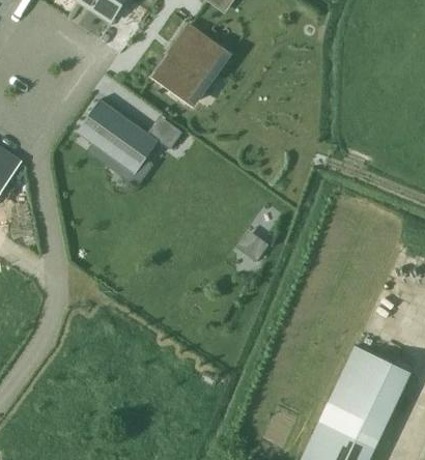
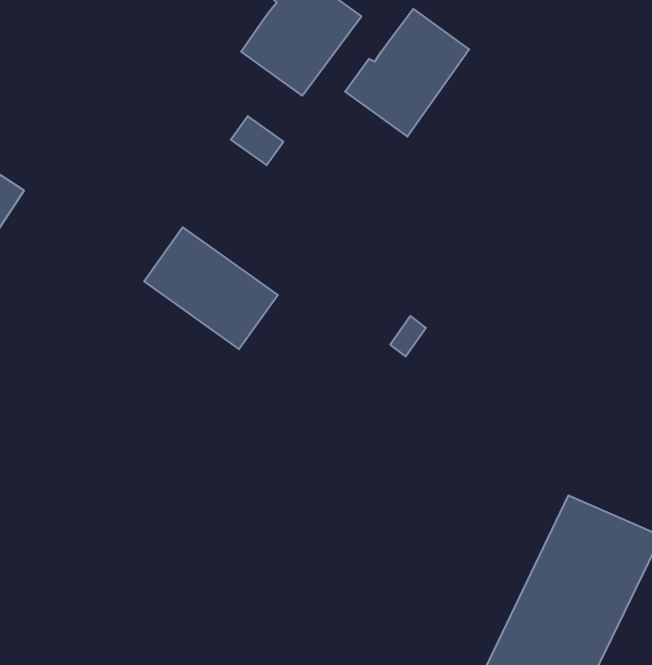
building: none -> [345,9,469,137]
building: [76,99,158,174] -> [144,227,278,349]

